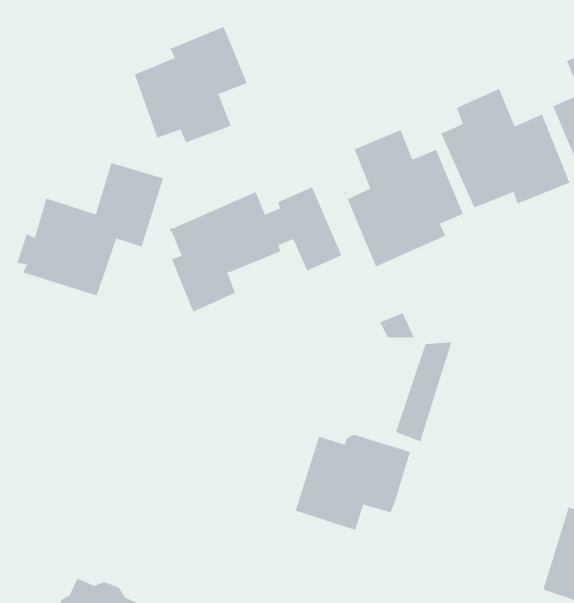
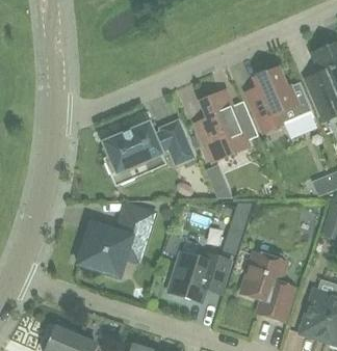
building: [134,26,248,143] -> none
building: [16,163,164,296] -> [75,205,153,275]
building: none -> [241,251,294,321]

